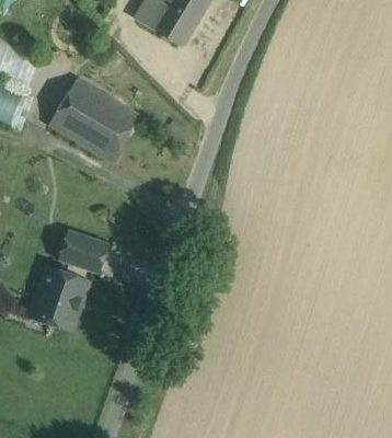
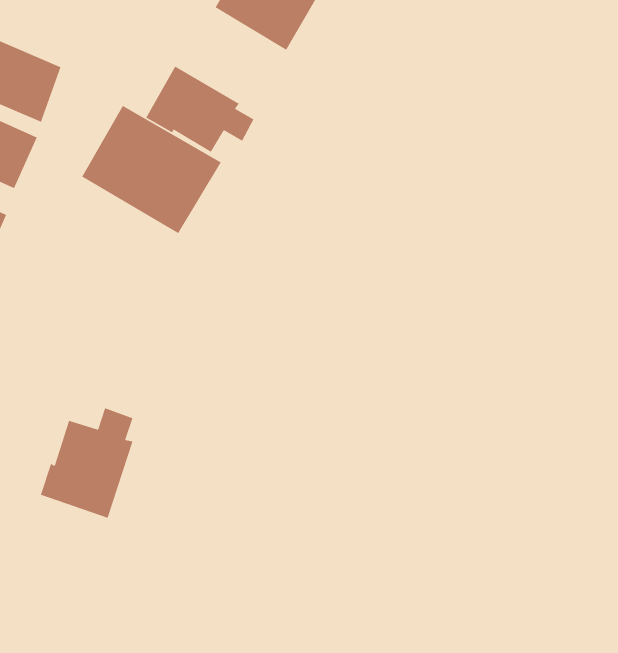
building: none -> [145,66,254,153]
building: [60,232,106,272] -> none

